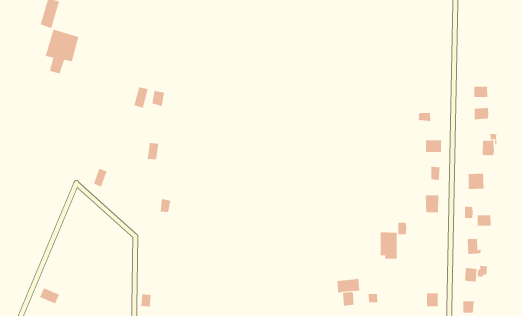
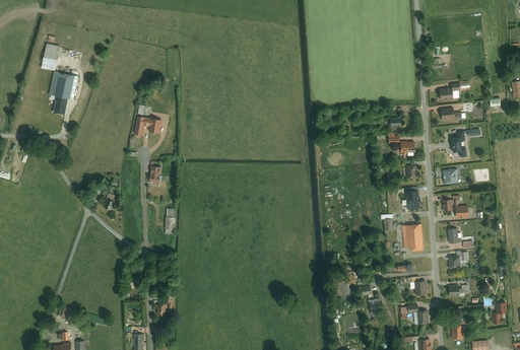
building: [380,232,398,259] -> [405,225,424,251]

